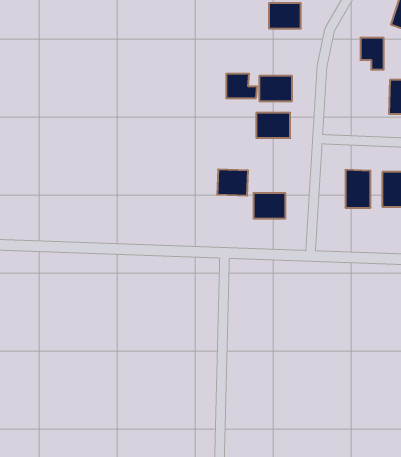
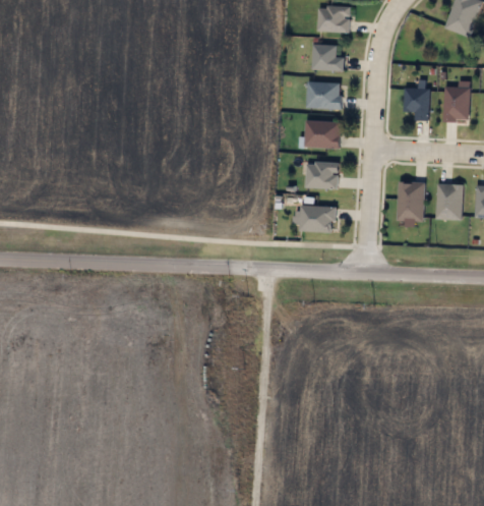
building: [360,38,384,70] -> [405,88,429,121]
building: [226,74,257,98] -> [312,45,345,70]
building: [217,169,248,196] -> [306,162,339,189]

